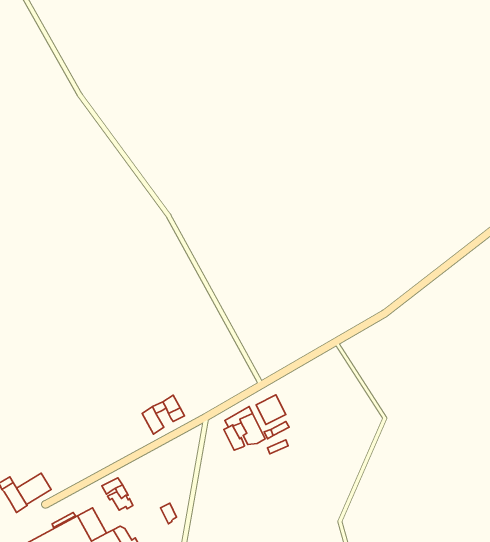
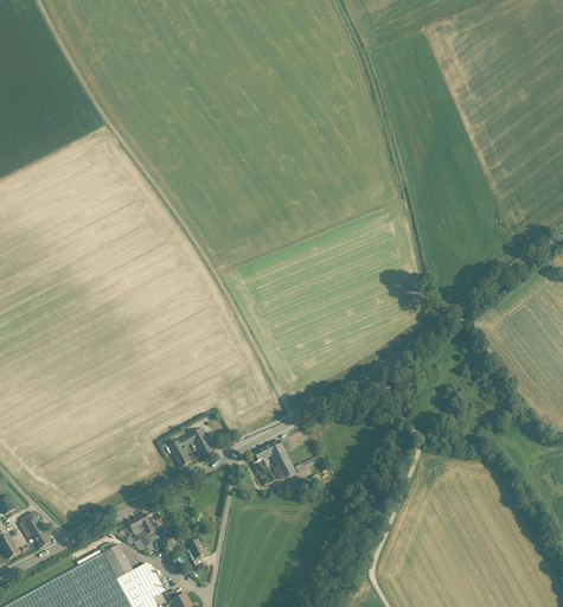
building: [256,395,286,424] -> none
building: [17,473,51,504] -> none

